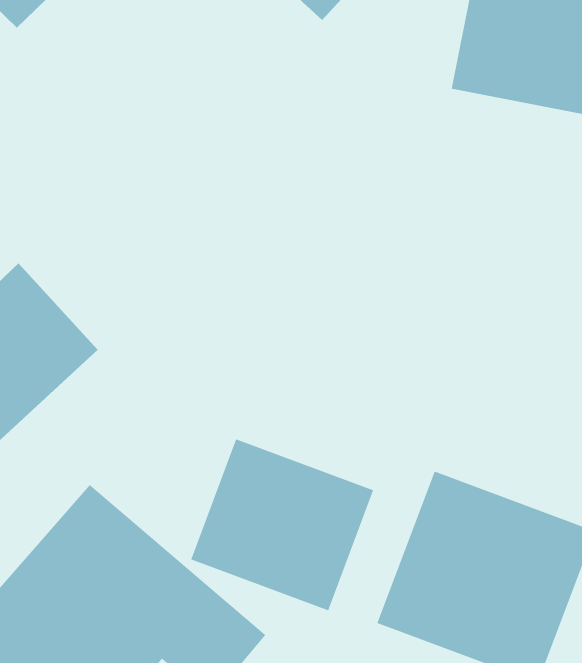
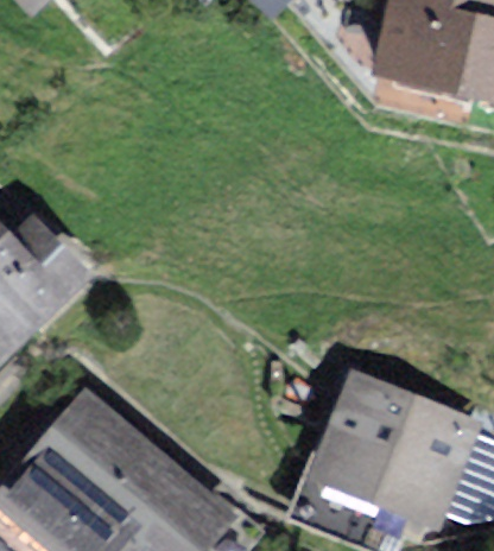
building: [191,439,374,611] -> none

